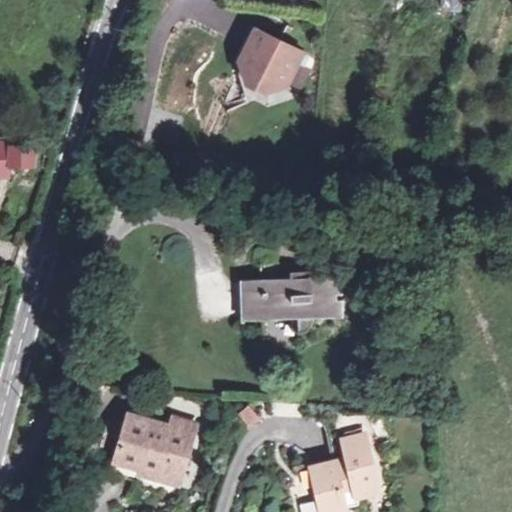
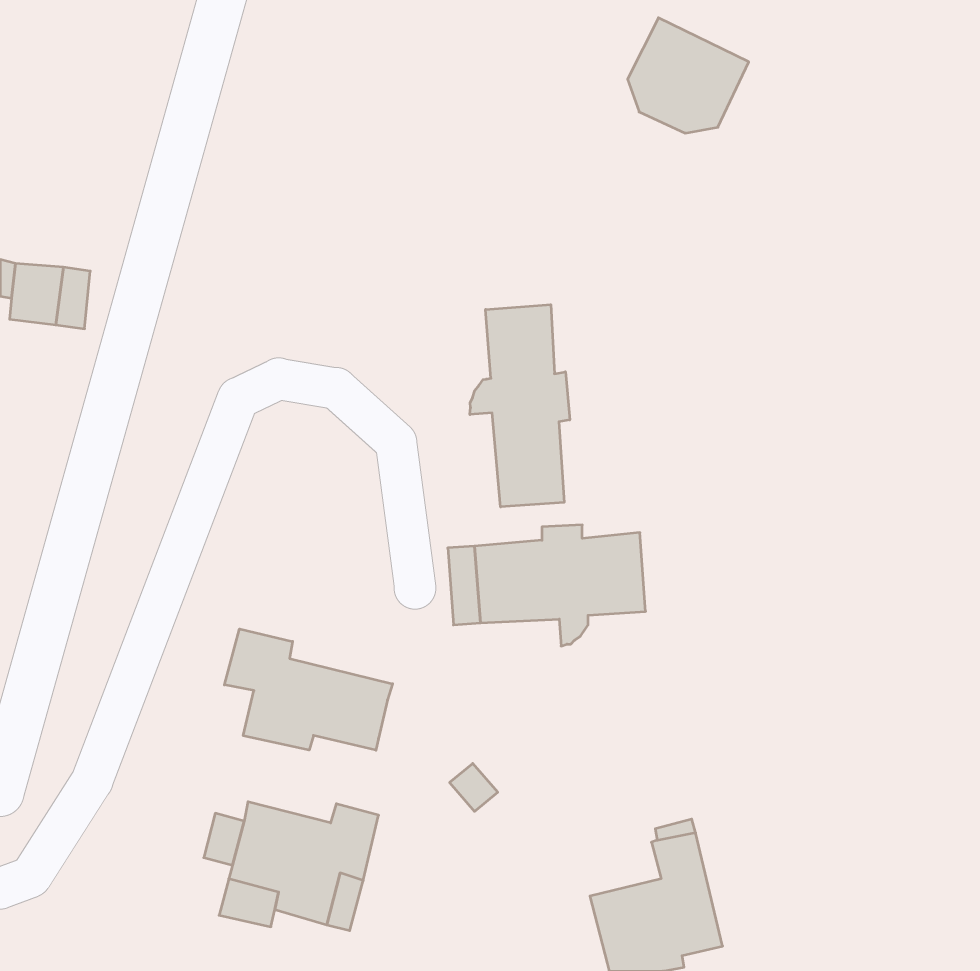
building: [238,28,301,88] -> [628,18,749,133]
building: none -> [470,305,570,507]
building: none -> [224,629,393,750]

